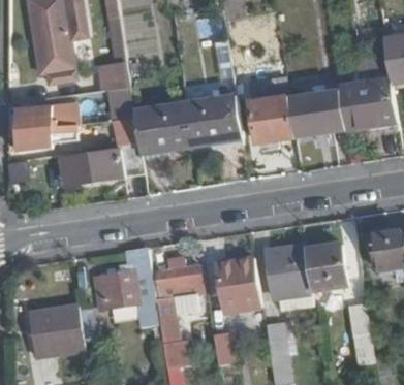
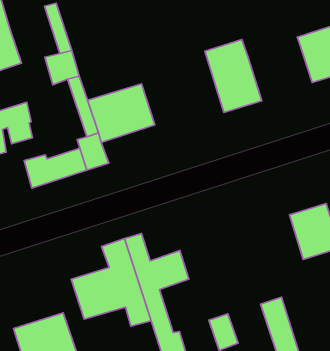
building: [289,89,345,138] -> none
building: [186,97,243,145] -> none
building: [266,247,310,297] -> none
building: [214,258,259,313] -> none

